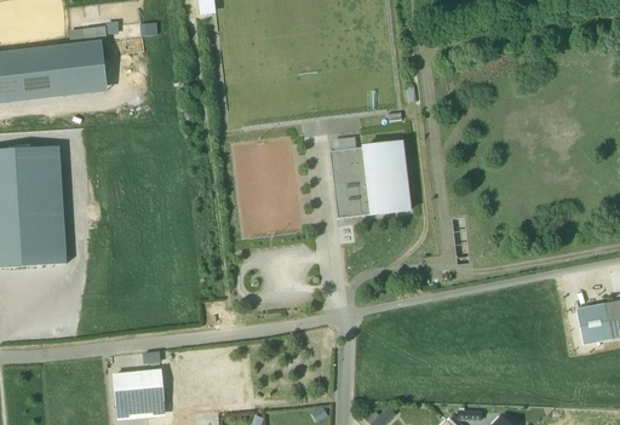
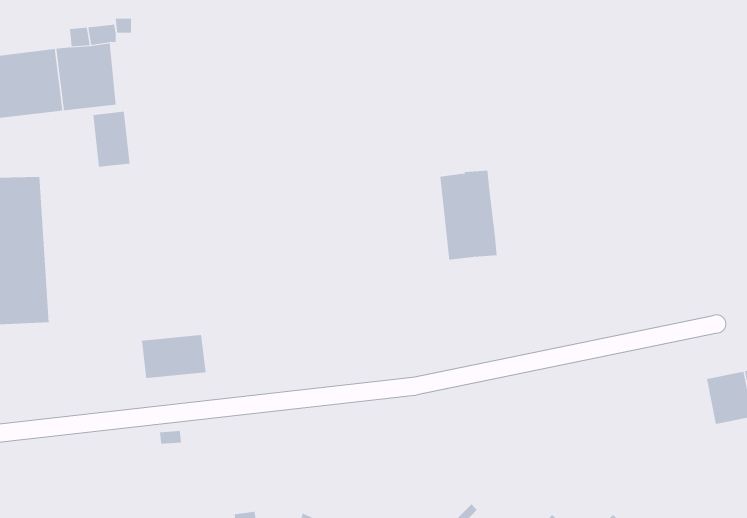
building: none -> [93,111,130,168]
building: [329,148,371,218] -> none
building: [113,371,165,406] -> [141,334,207,379]

